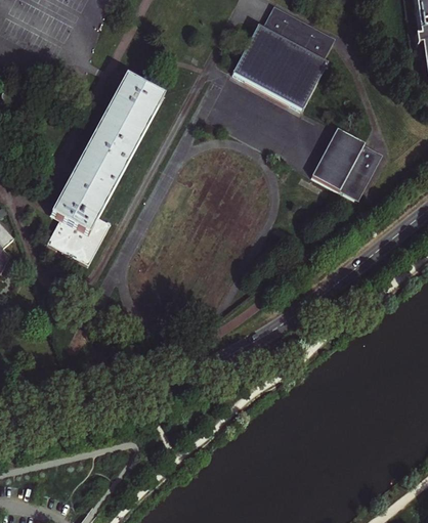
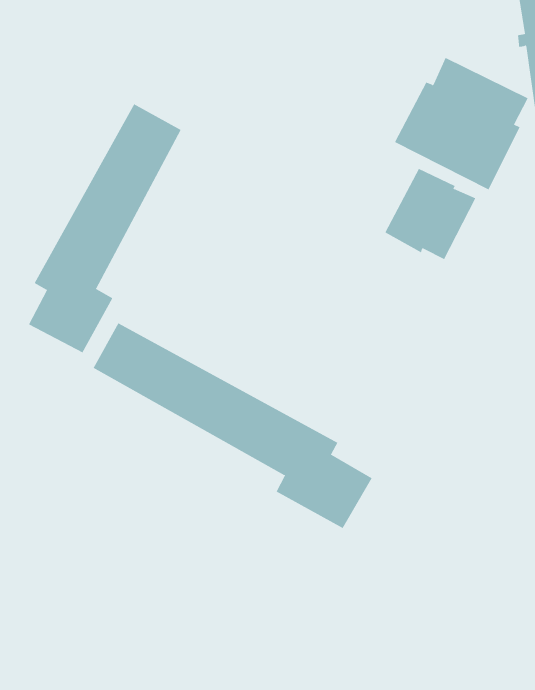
building: [232,8,333,107] -> [394,57,529,190]
building: none -> [93,323,373,529]

